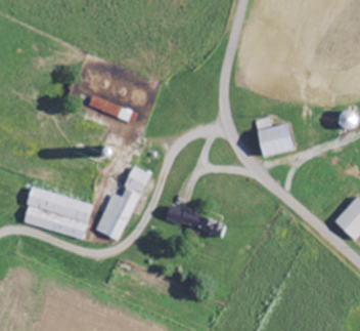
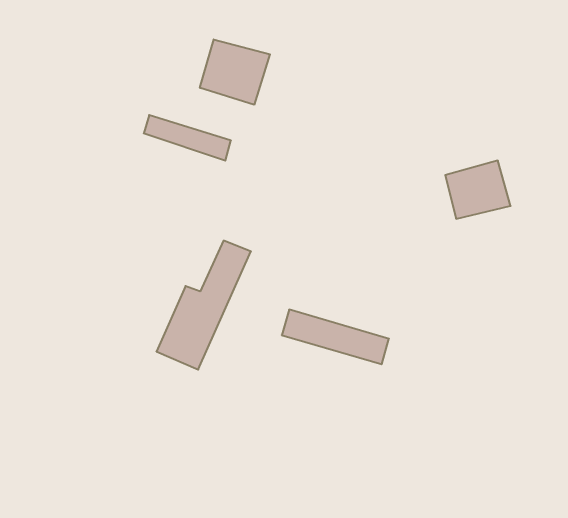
building: none -> [200,39,270,105]
building: [21,185,92,239] -> none

